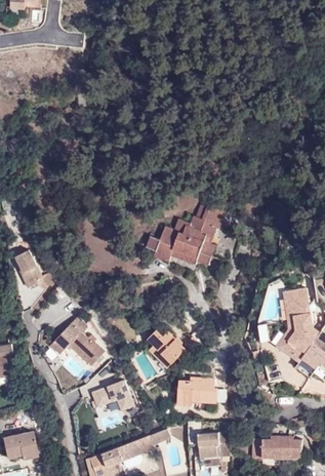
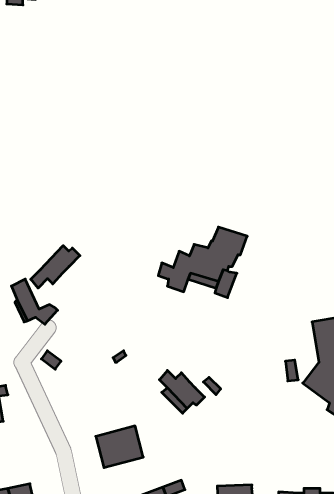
building: none -> [31,246,80,288]
building: [50,318,105,366] -> none
building: [176,379,216,407] -> none

